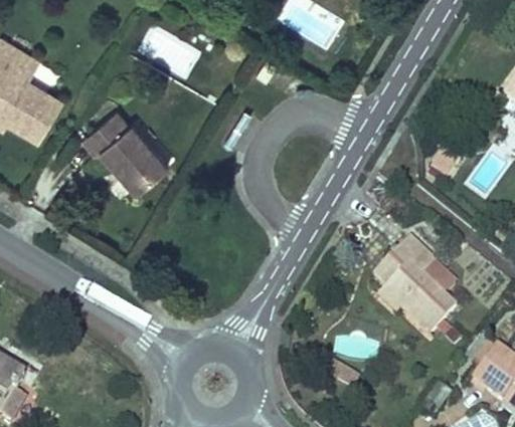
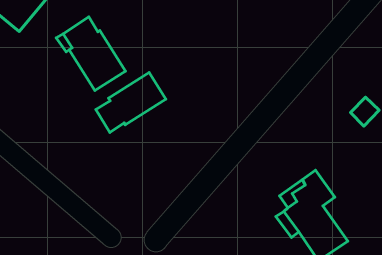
building: none -> [96,72,166,132]

